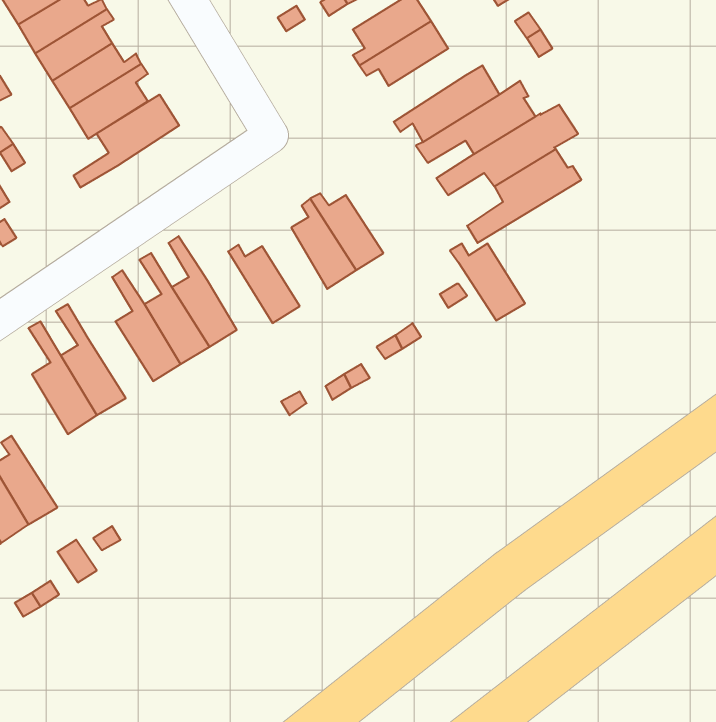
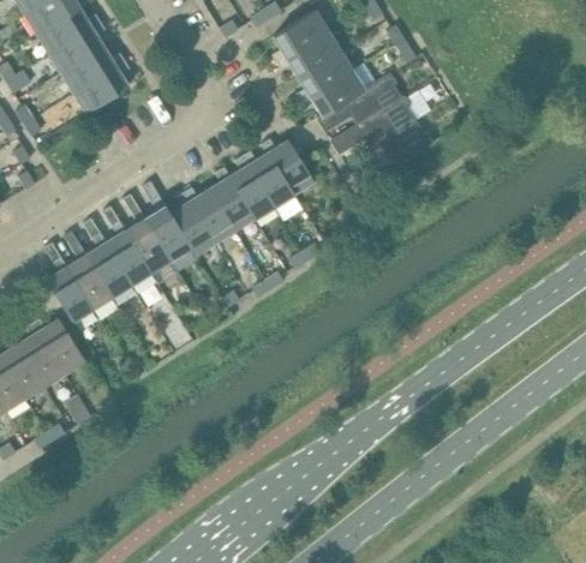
building: none -> [297,50,352,102]
building: [74,95,179,188] -> none
building: none -> [209,168,255,232]
building: [450,244,525,320] -> [262,140,315,194]
building: none -> [171,193,216,256]
building: none -> [84,218,132,297]
building: none -> [32,318,85,373]

